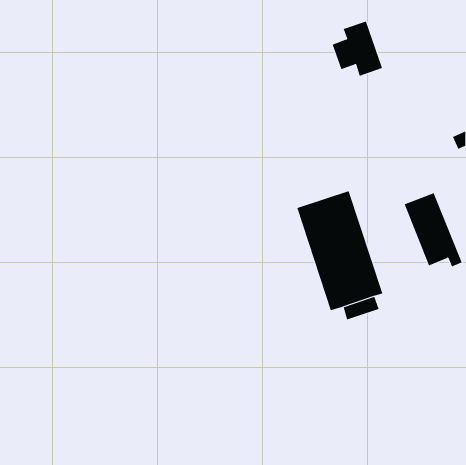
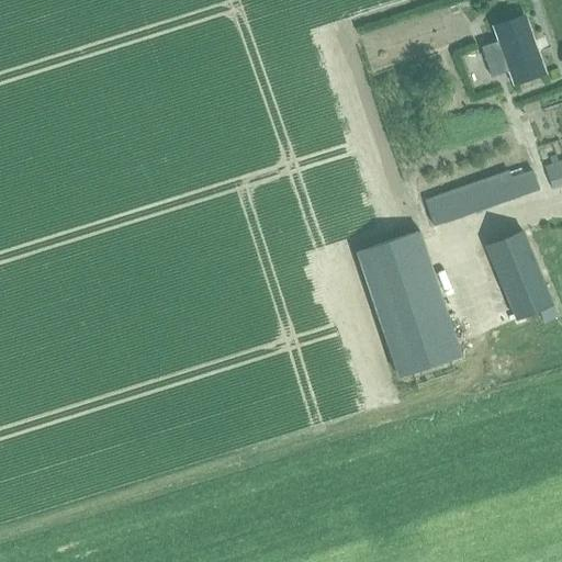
building: [332,21,383,76] -> [483,16,544,83]
building: none -> [425,171,538,226]

